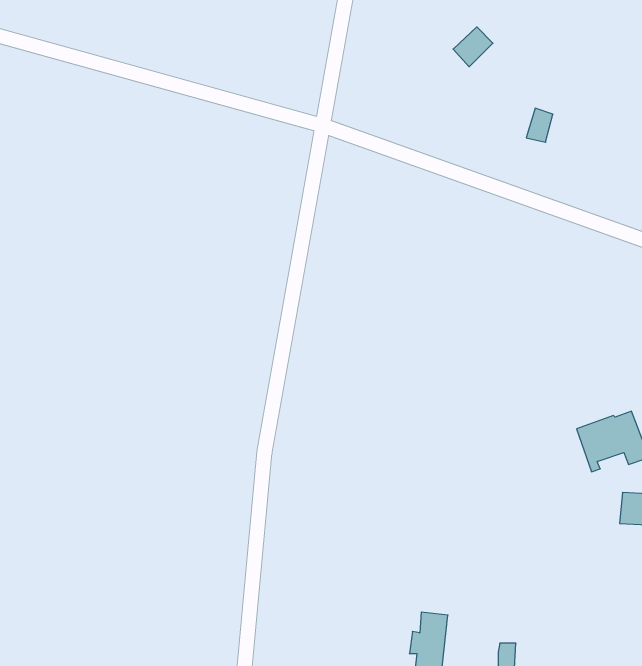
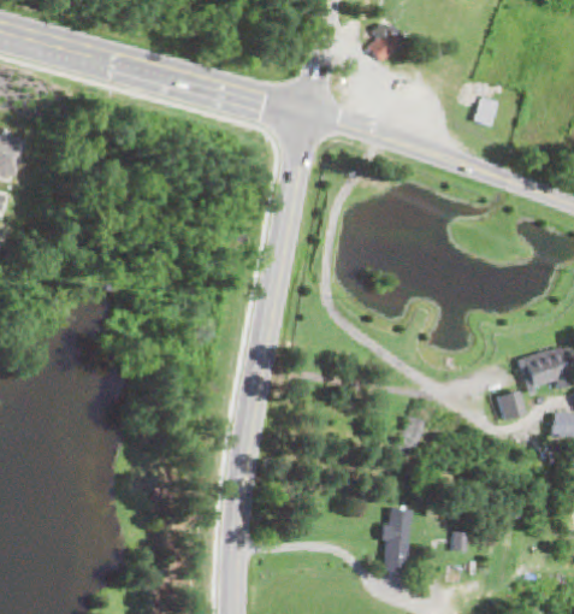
building: [453,27,493,67] -> [367,30,400,63]
building: none -> [497,389,526,419]

